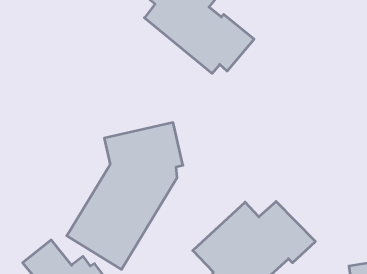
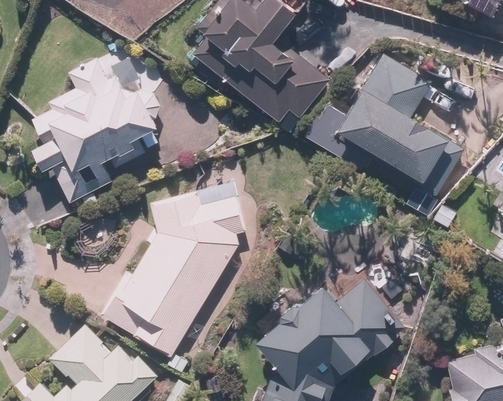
building: none -> [334,53,452,189]
building: none -> [31,59,159,205]

